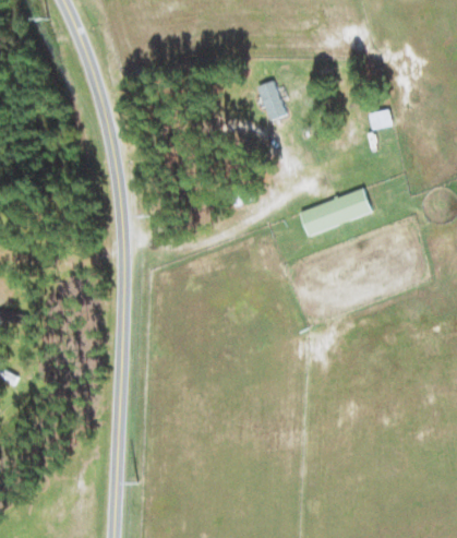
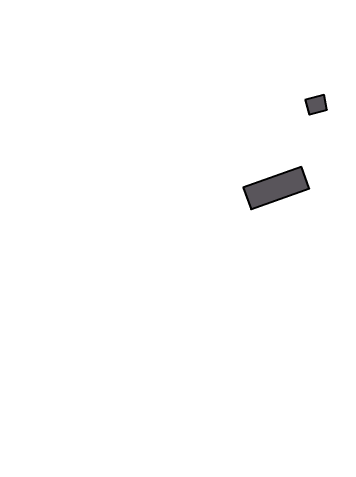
building: [256,81,286,121] -> none

